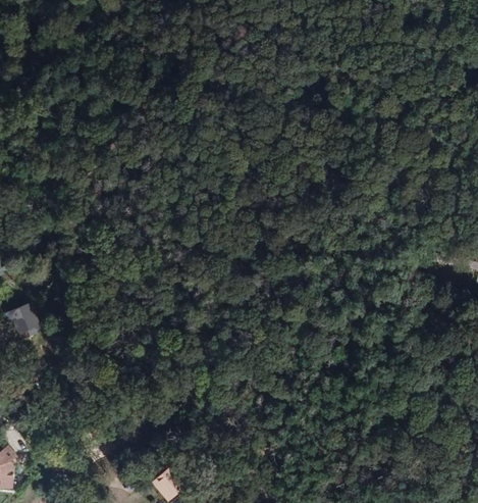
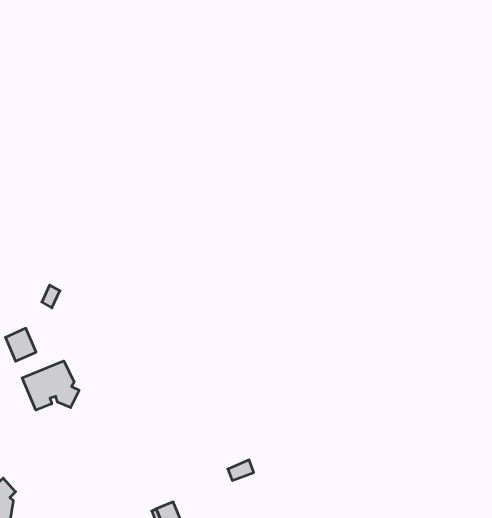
building: none -> [22,361,79,410]

